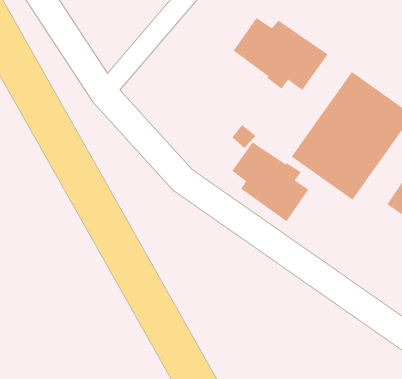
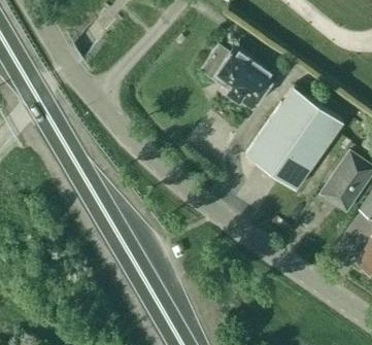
building: [231,141,309,222] -> none

